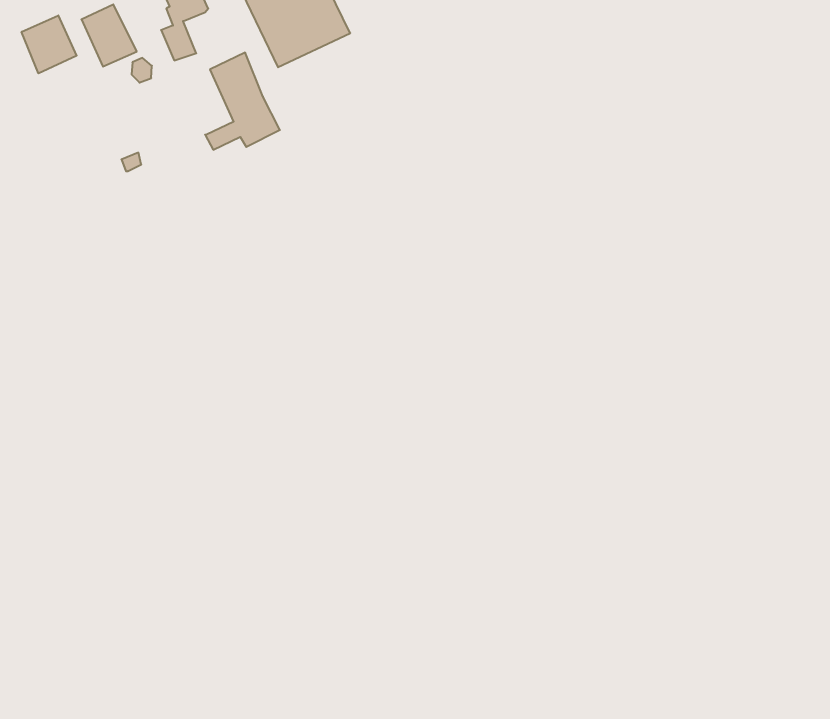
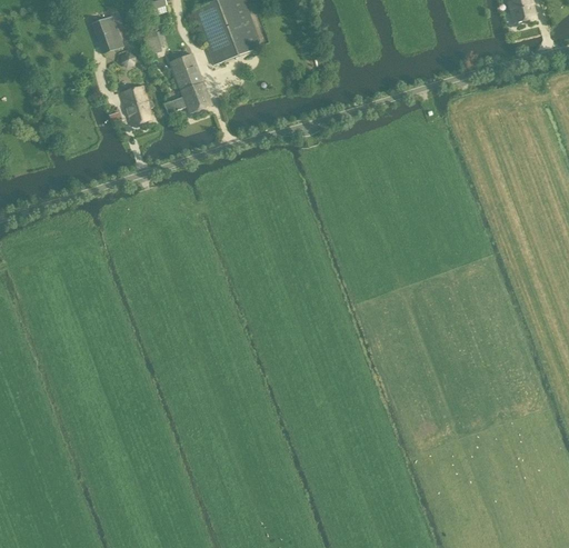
building: [22,15,77,73] -> none
building: none -> [120,83,152,124]

